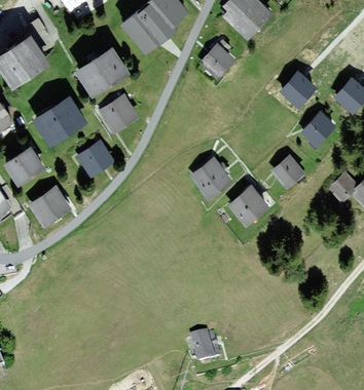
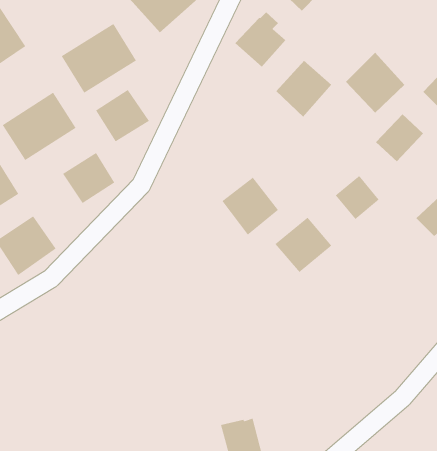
building: none -> [276,60,332,117]

